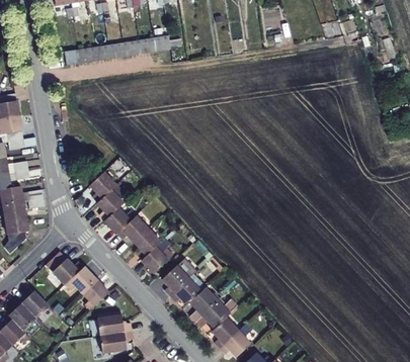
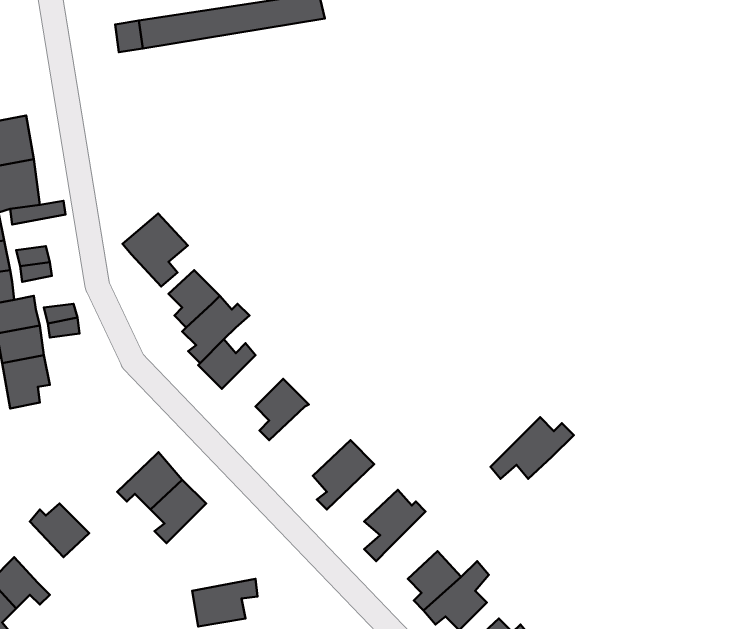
building: none -> [122,213,188,287]
building: [117,217,148,245] -> none
building: [140,245,166,275] -> none
building: [51,261,83,289] -> none
building: [170,274,207,305] -> none
building: [195,298,238,330] -> [491,417,574,479]
building: [7,303,35,335] -> none
building: [98,318,134,339] -> none

